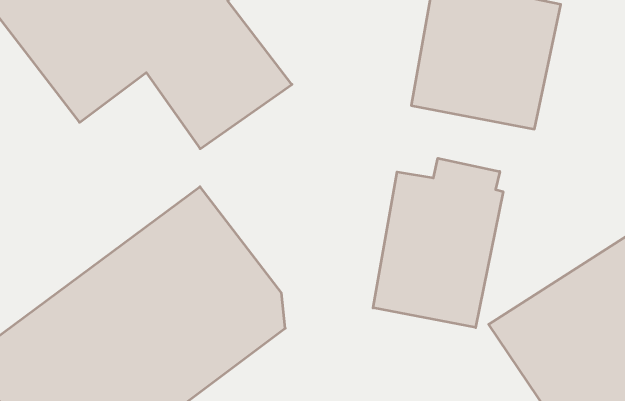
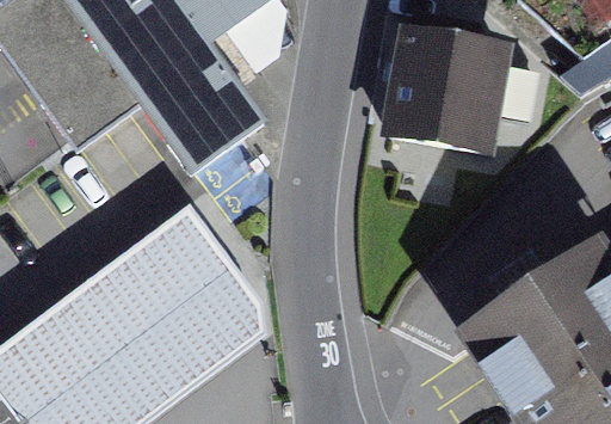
building: [373,158,503,328] -> none

